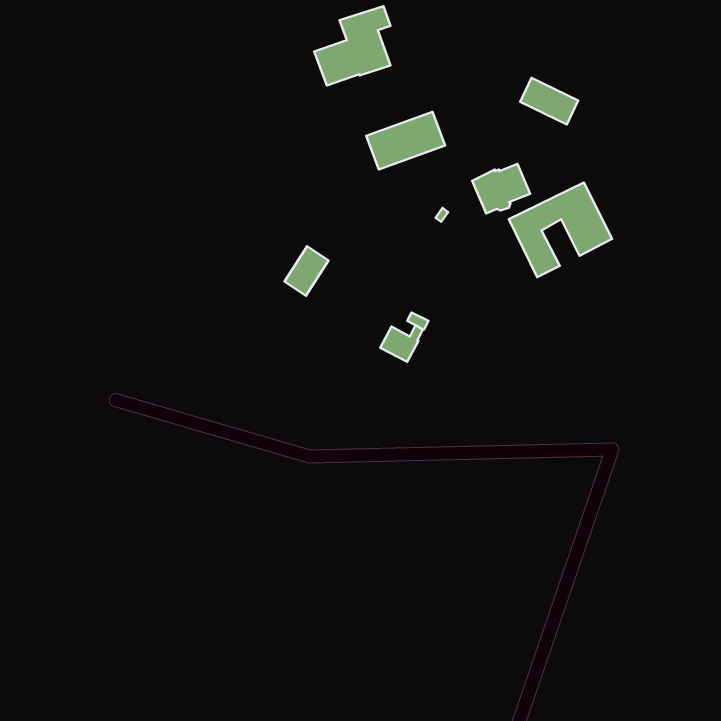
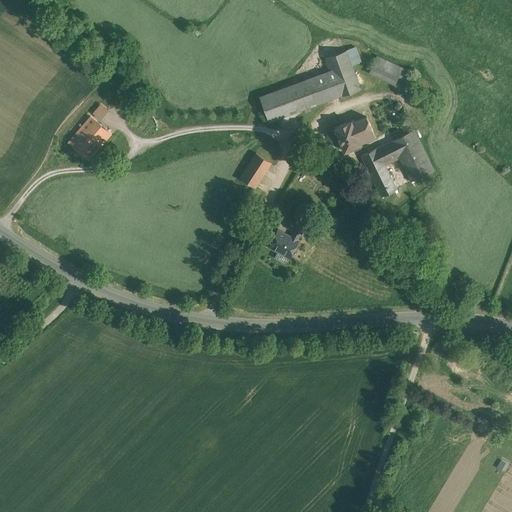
building: [314,6,391,85] -> [306,48,360,104]
building: none -> [68,116,110,160]
building: [285,246,328,296] -> [239,153,270,188]

